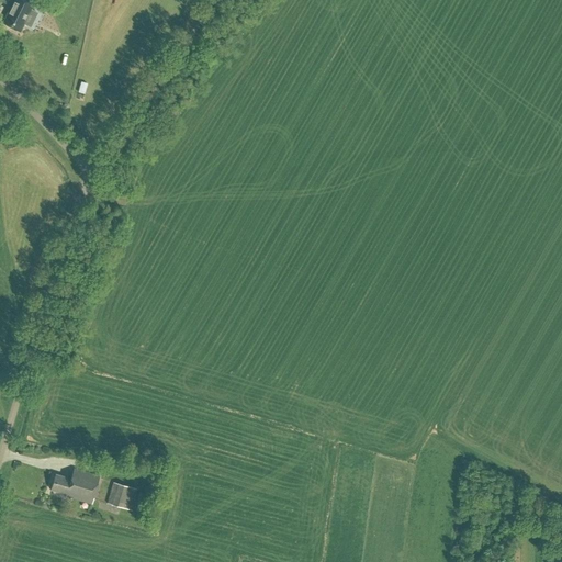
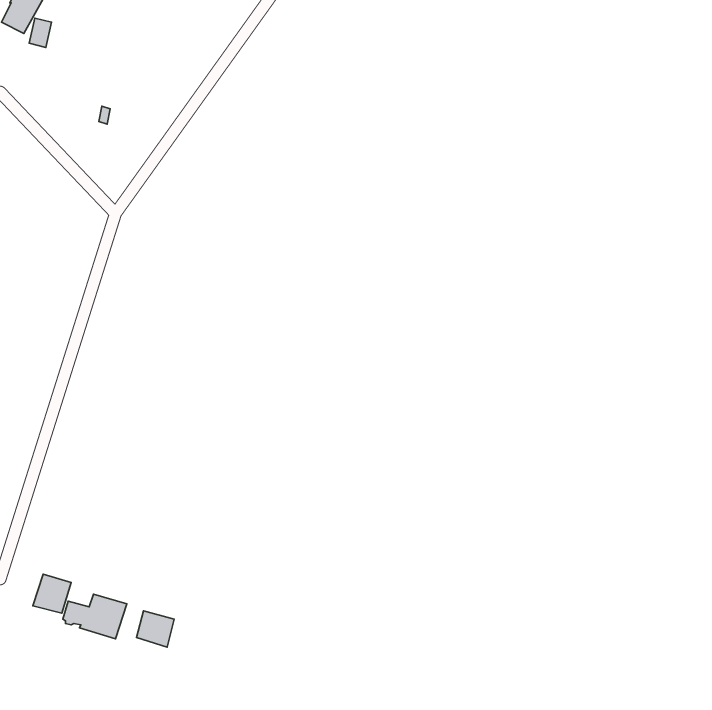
building: none -> [33,574,71,613]

